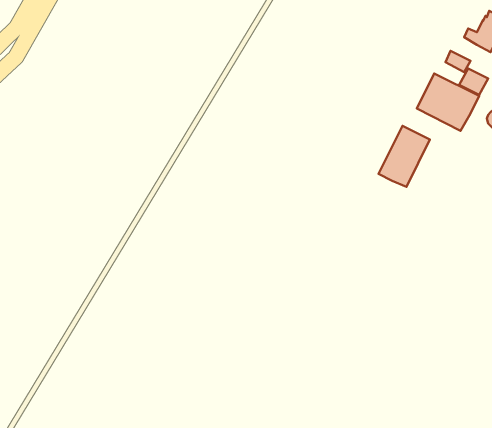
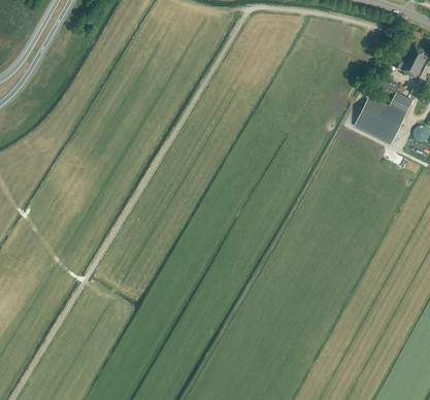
building: [378,126,430,187] -> none

